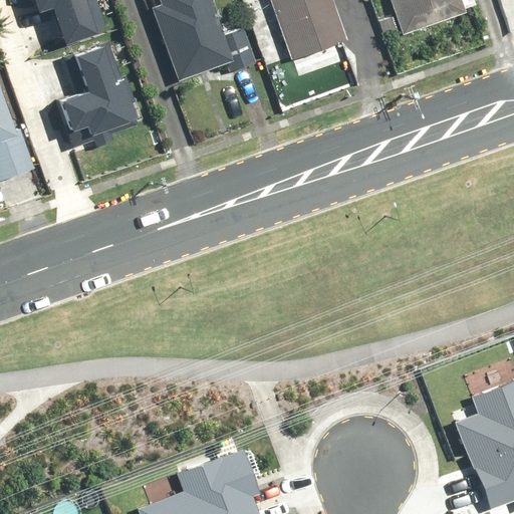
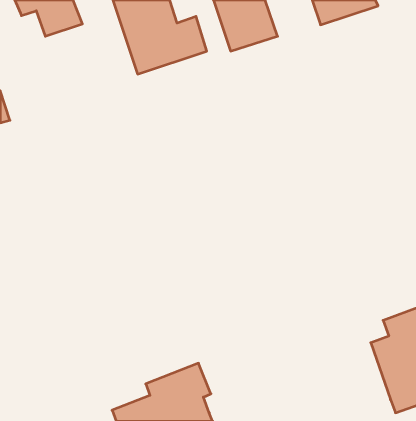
building: [58,43,146,156] -> none

